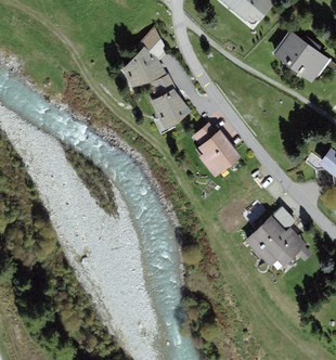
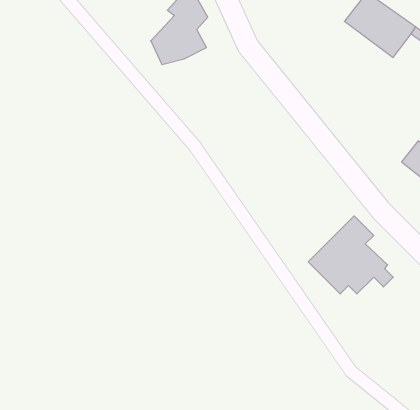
building: [148,74,190,130] -> none
building: [191,123,241,178] -> none

